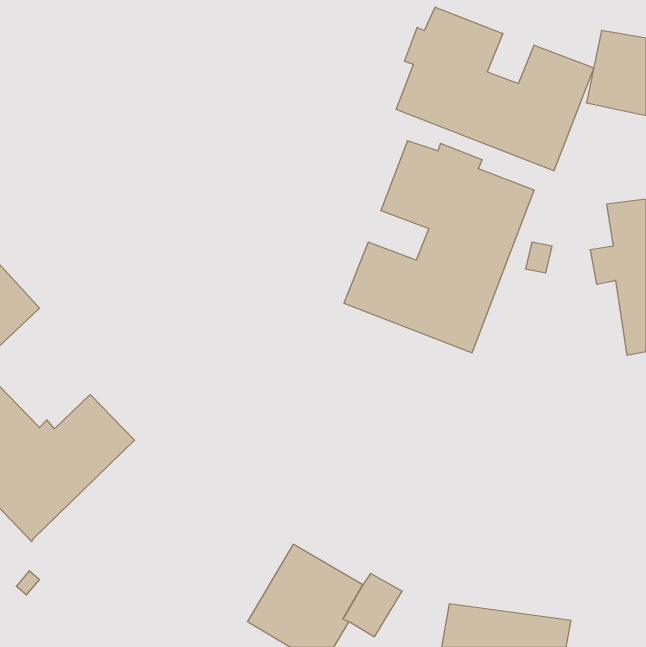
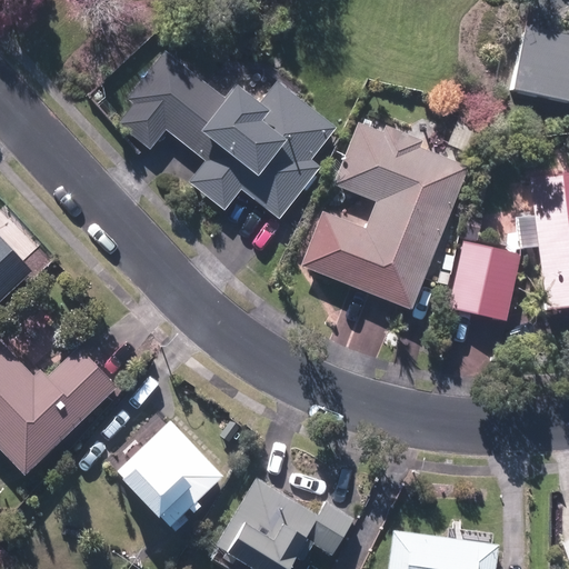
building: [396,7,594,171] -> none
building: none -> [117,51,338,218]
building: none -> [449,241,520,319]
building: none -> [117,420,221,526]

